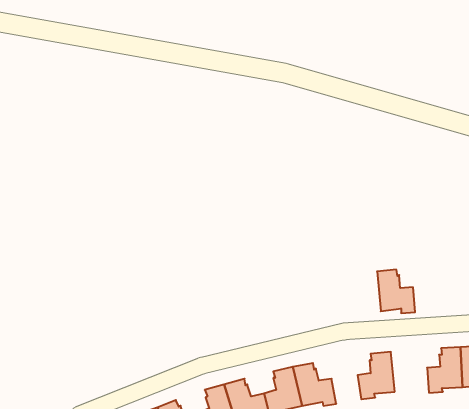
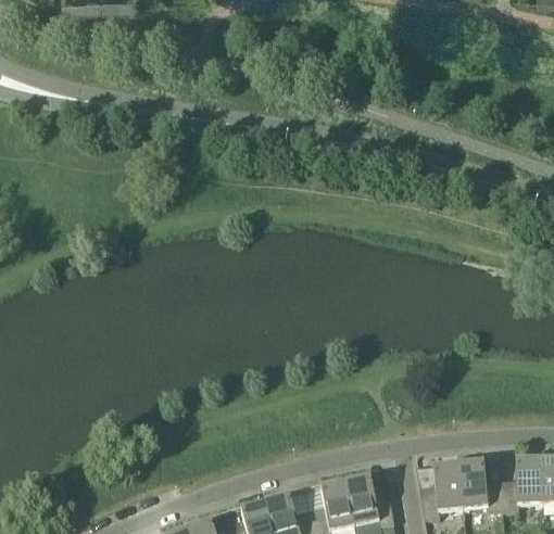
building: [377,270,415,313] -> [461,459,505,510]

